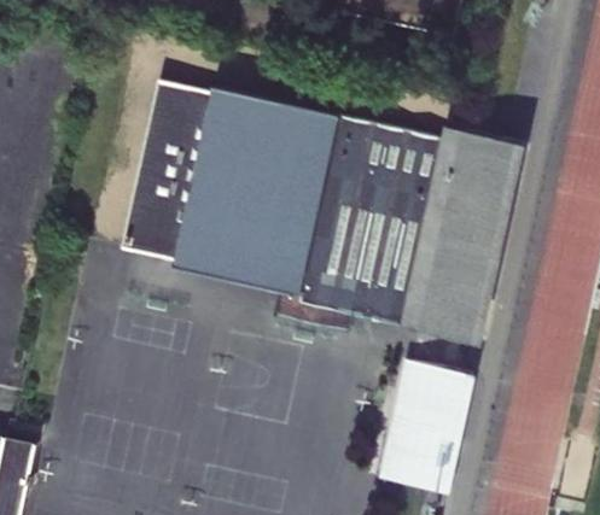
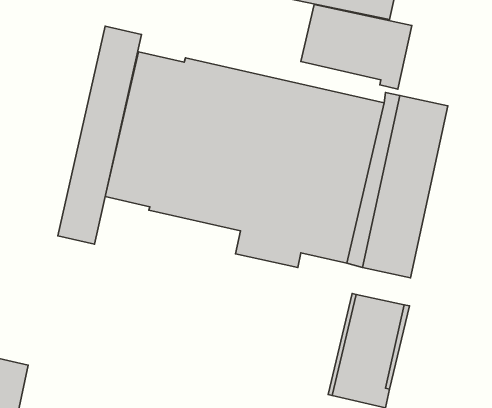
building: none -> [301,4,412,89]
building: none -> [58,26,142,244]

